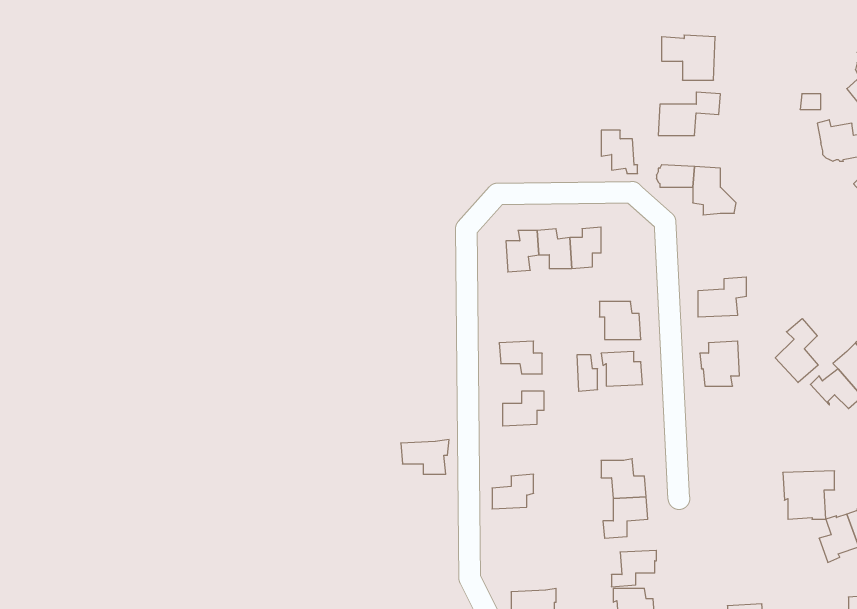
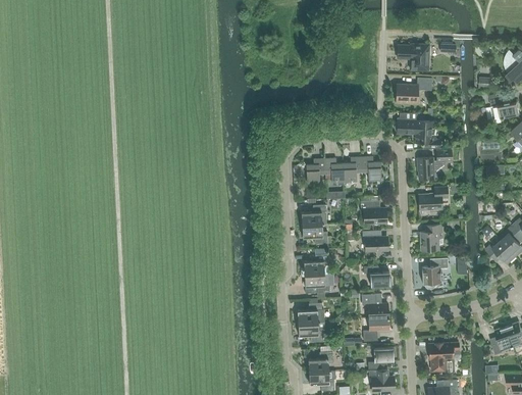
building: [601,130,638,174] -> [362,156,383,182]
building: none -> [417,149,452,179]
building: none -> [302,204,326,225]
building: [775,319,818,383] -> none
building: none -> [421,257,449,289]
building: none -> [363,264,392,286]
building: [401,440,449,474] -> [304,271,332,292]
building: [783,471,835,519] -> [428,342,459,371]
building: none -> [298,322,325,341]
building: none -> [308,351,333,372]

